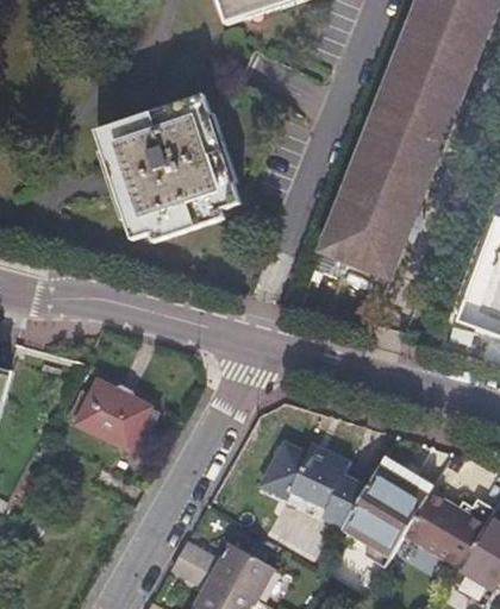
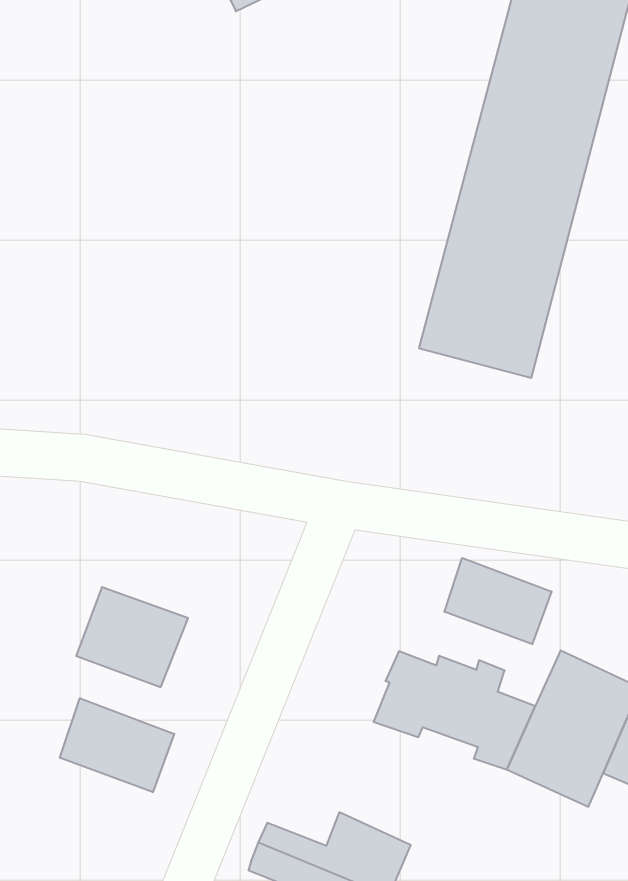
building: [98,90,236,247] -> none
building: none -> [444,558,552,644]
building: none -> [60,698,174,792]

